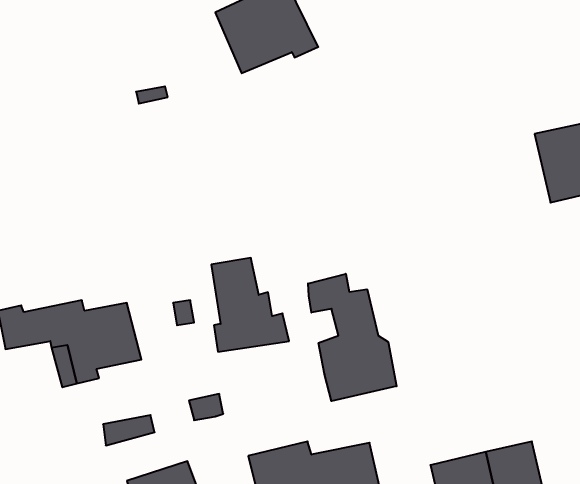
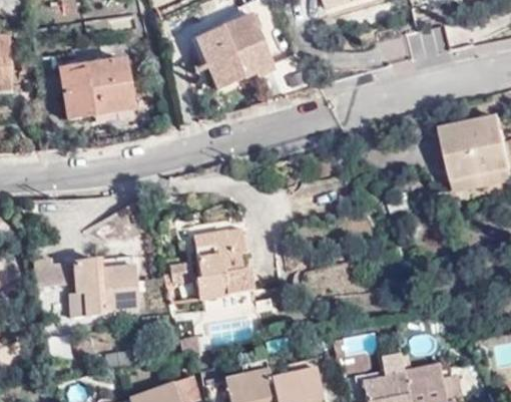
building: none -> [57,59,132,121]
building: [308,274,397,401] -> none

